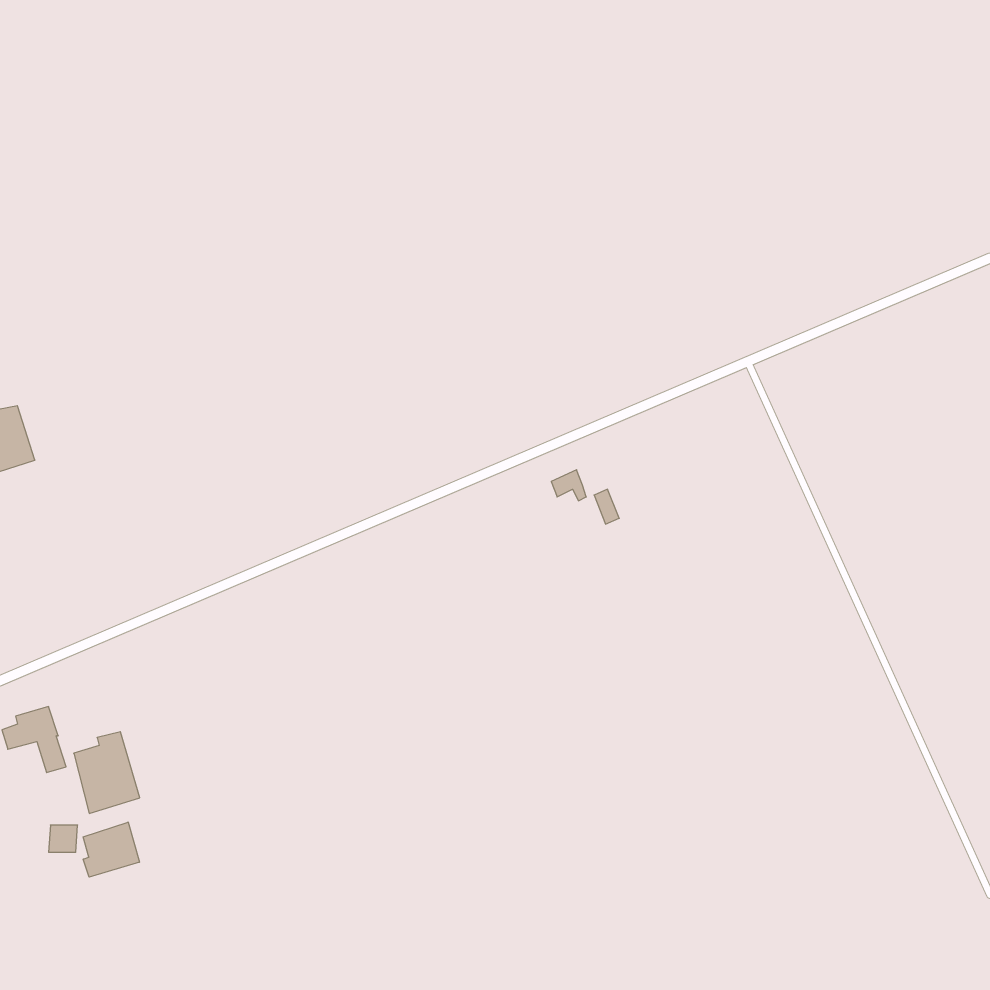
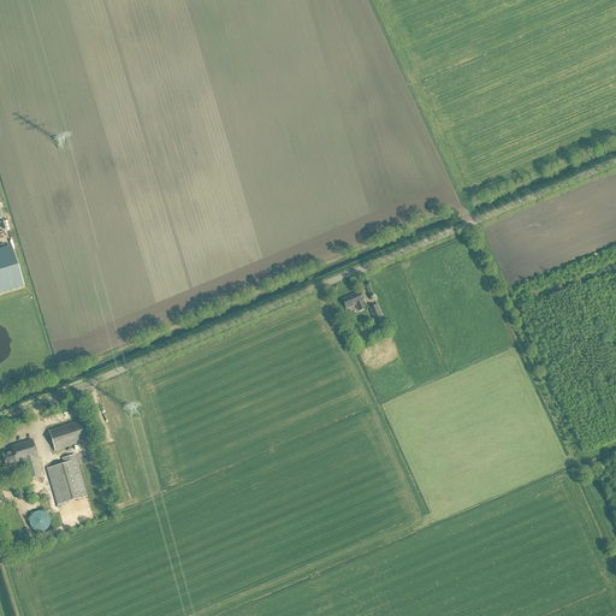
building: none -> [47,417,88,450]
building: [83,822,139,877] -> none

